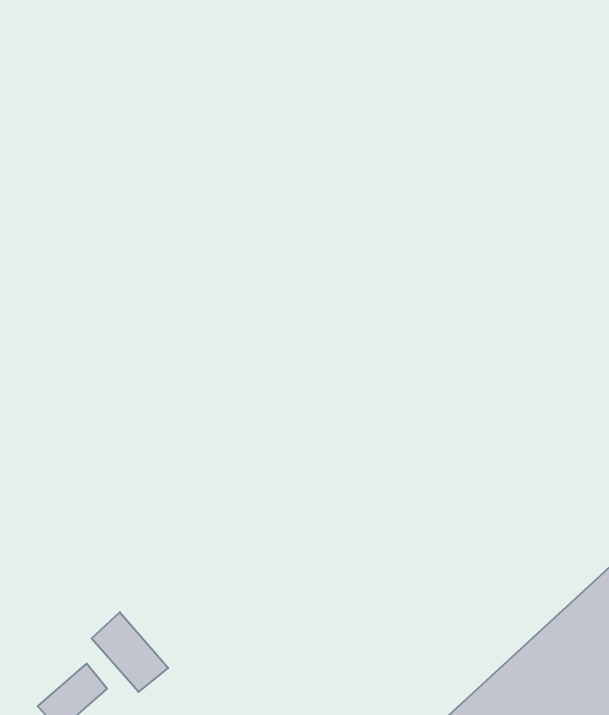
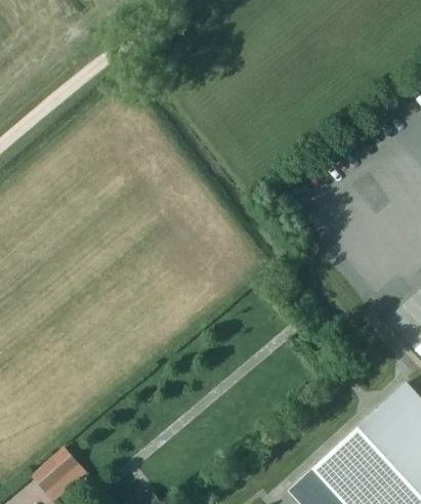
building: [92,612,168,692] -> none

